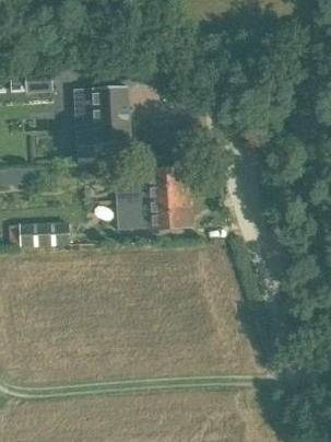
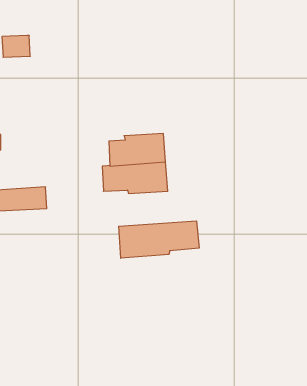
building: [75,86,128,162] -> none
building: none -> [119,221,199,258]

